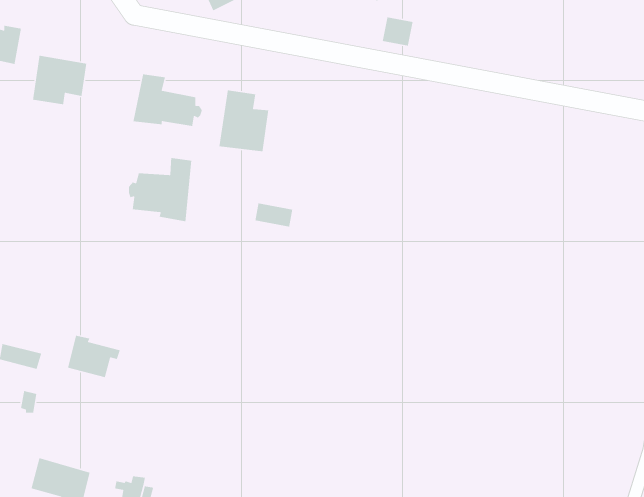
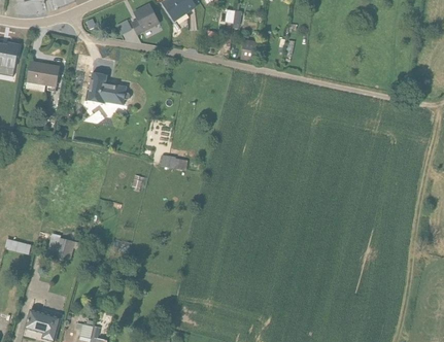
building: [219,90,269,152] -> none
building: [128,157,192,222] -> none

